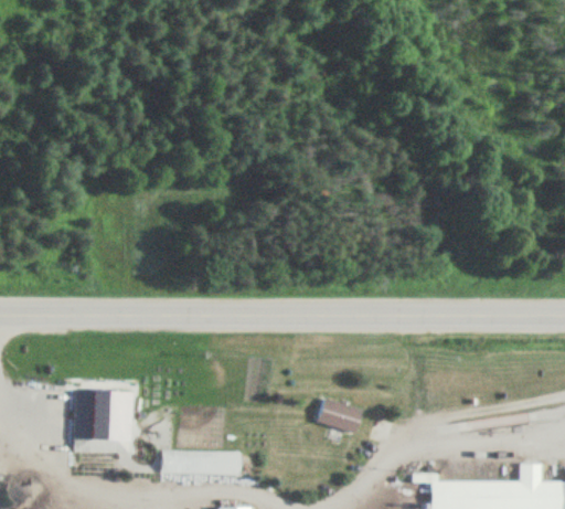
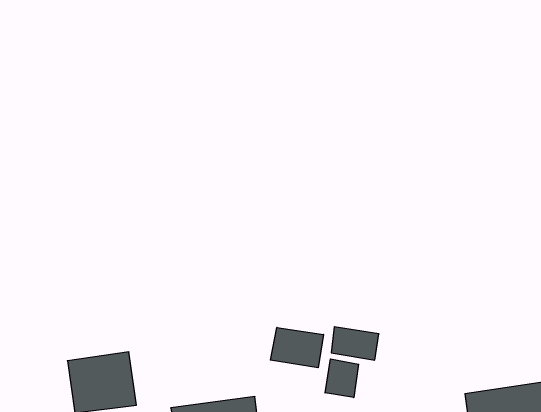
building: none -> [270,327,323,368]
building: none -> [325,359,359,398]

